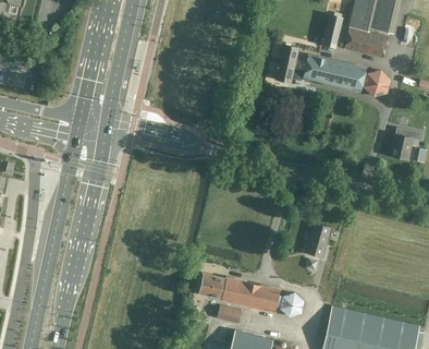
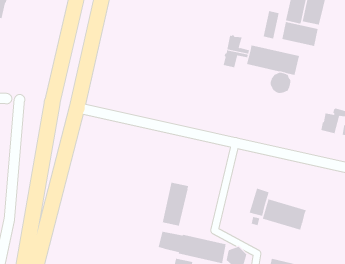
building: [365,72,390,97] -> [270,72,291,93]
building: none -> [162,182,188,227]
building: none -> [262,198,307,231]

